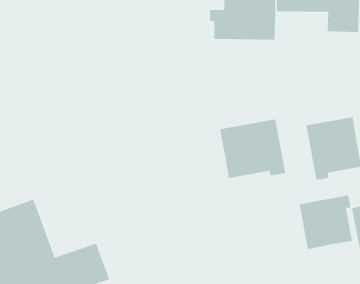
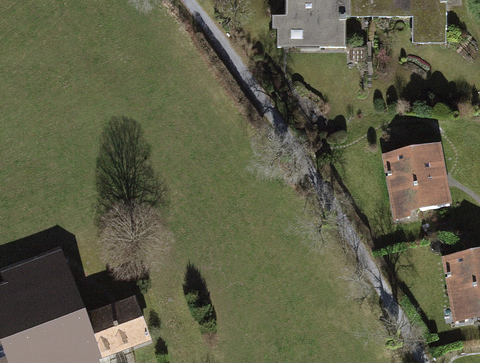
building: [219,118,286,179] -> none
building: [299,195,353,250] -> none

